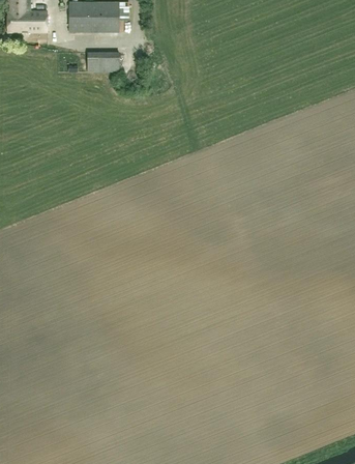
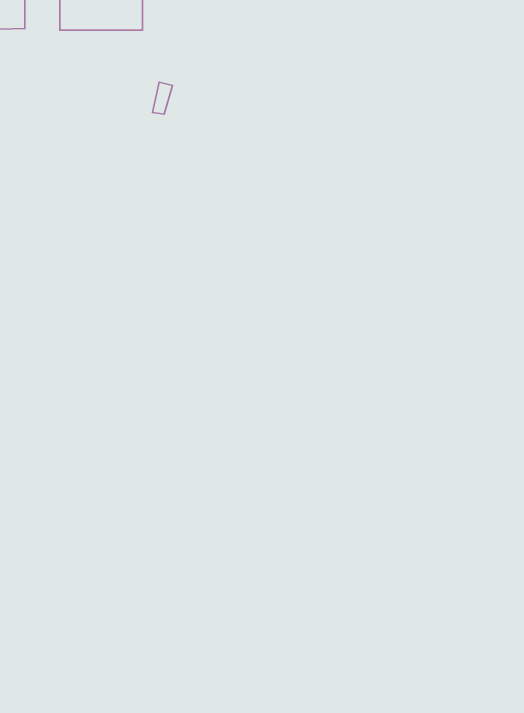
building: [87,52,119,71] -> none

